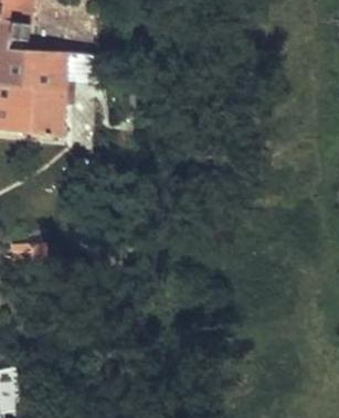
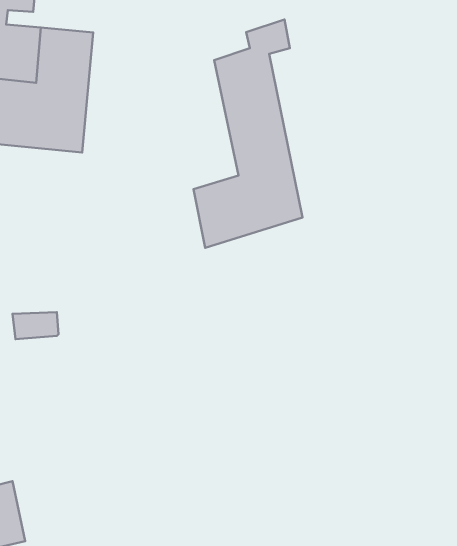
building: none -> [194,20,302,248]

